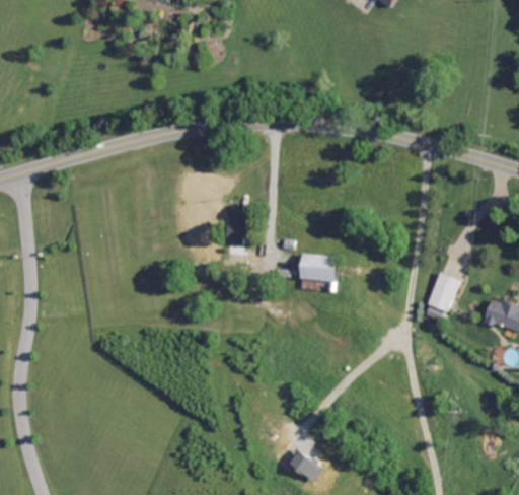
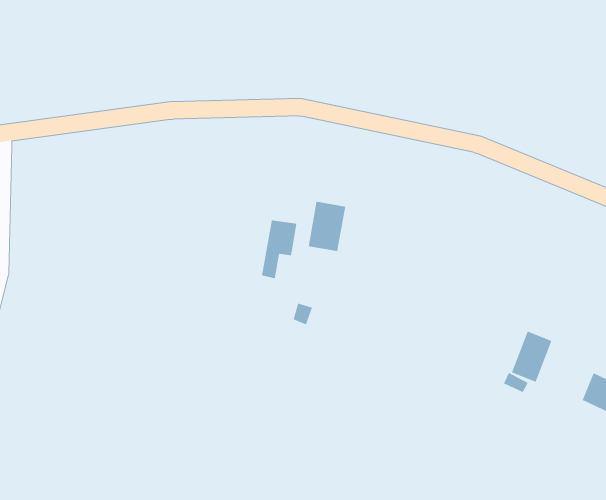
building: none -> [308,201,346,252]
building: [303,255,341,282] -> none

